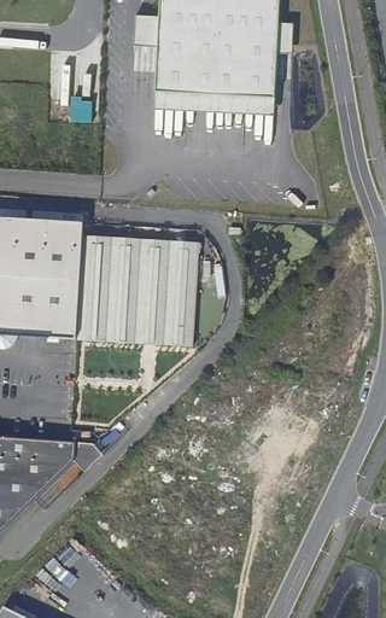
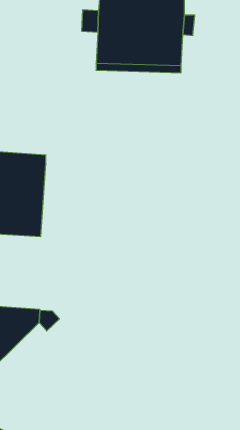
building: [77,233,200,344] -> none

